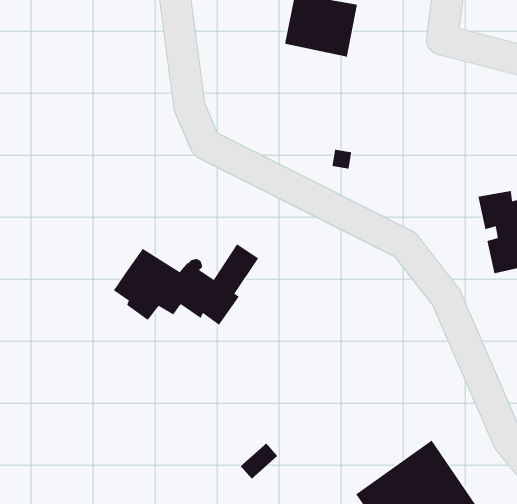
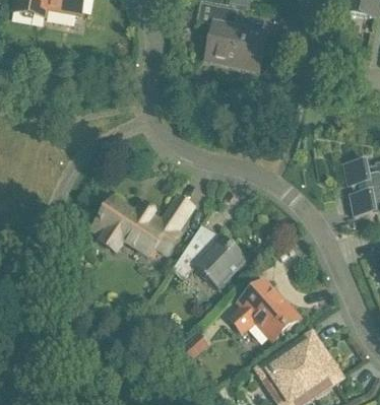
building: none -> [173,230,247,289]
building: none -> [230,281,299,339]

